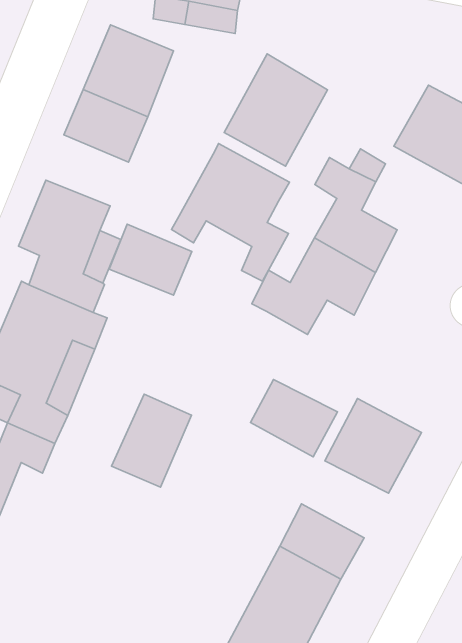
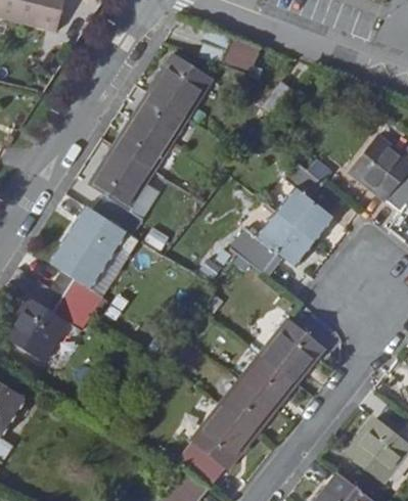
building: [224,54,328,166] -> none
building: [171,143,289,281] -> none
building: [109,224,192,295] -> [114,120,168,170]
building: [250,380,338,457] -> [239,355,296,408]
building: [112,394,191,487] -> none

